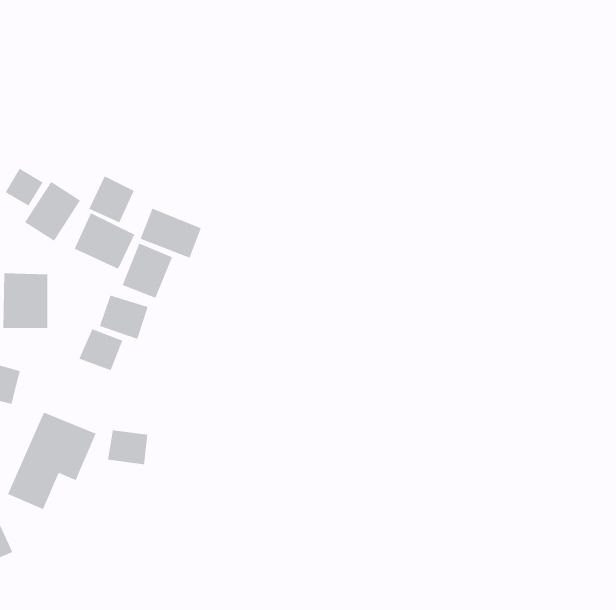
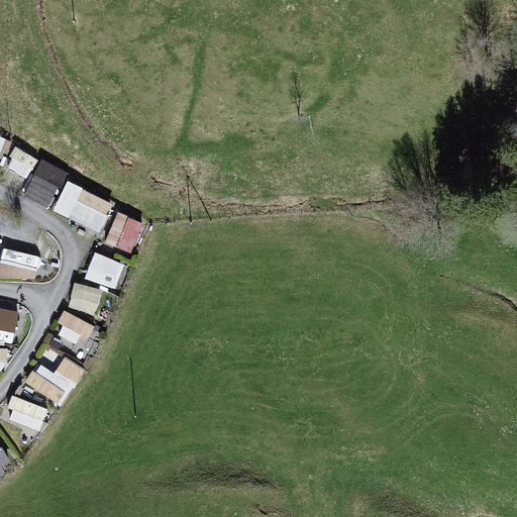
building: [89,175,135,223] -> none
building: [140,208,201,258] -> none
building: [107,430,148,465] -> [58,314,92,343]

